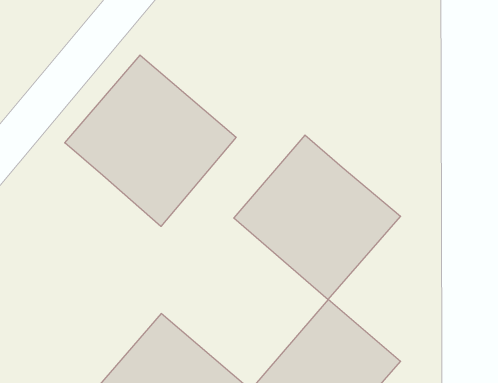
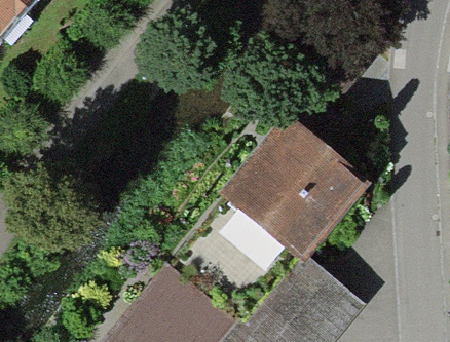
building: [65,55,236,226] -> none

